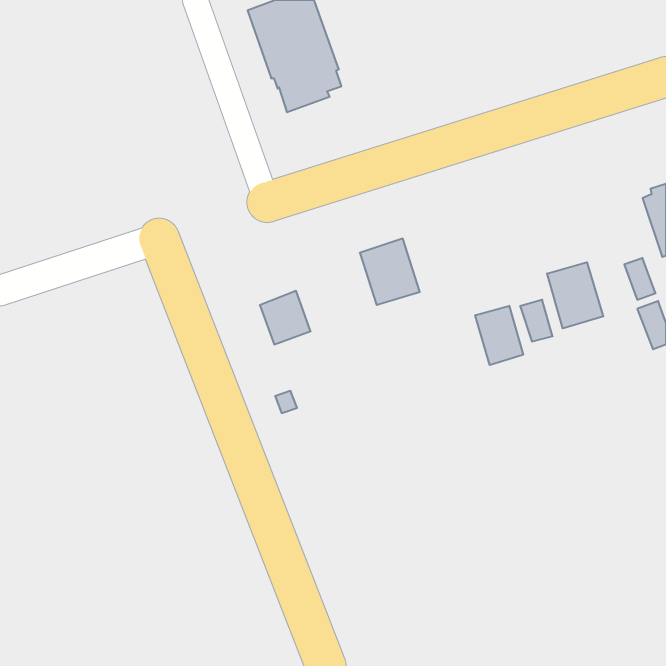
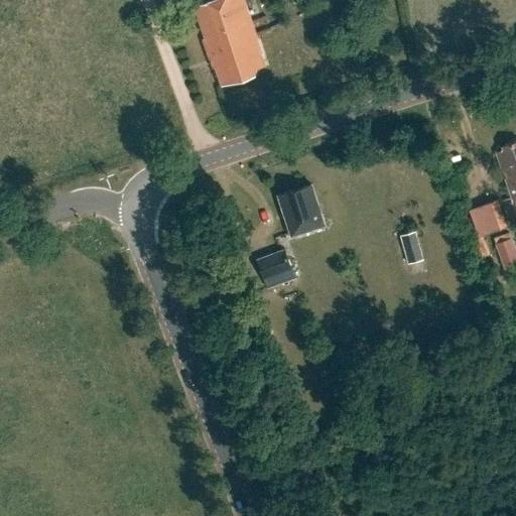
building: [547,262,603,328] -> none
building: [260,291,311,344] -> [257,248,296,289]
building: [475,306,523,365] -> none

